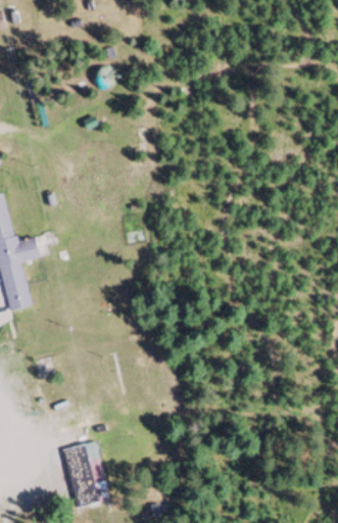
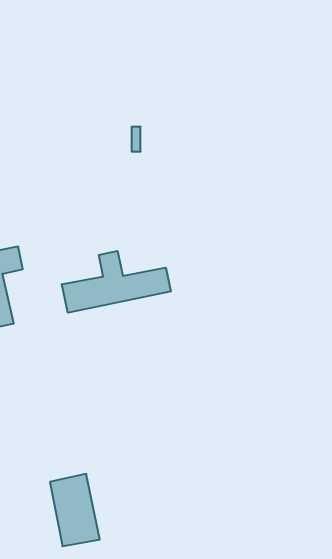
building: none -> [62,251,171,313]

